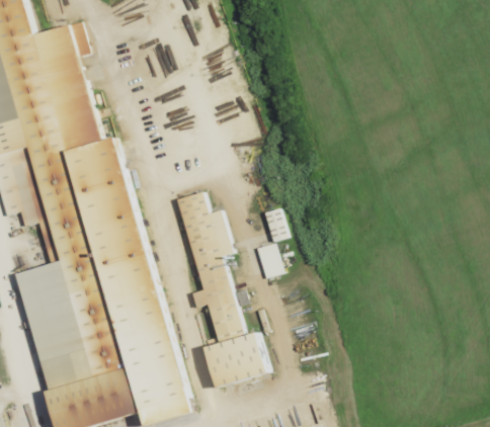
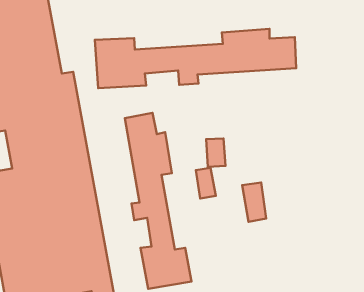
building: none -> [95,29,296,88]
building: none -> [242,183,266,222]

